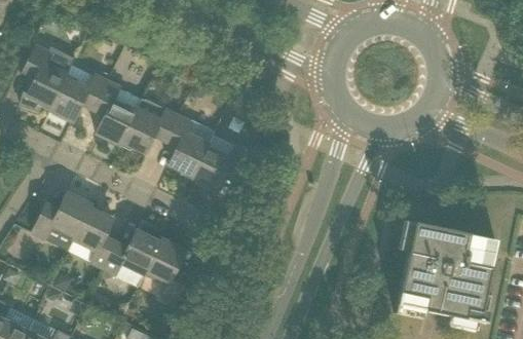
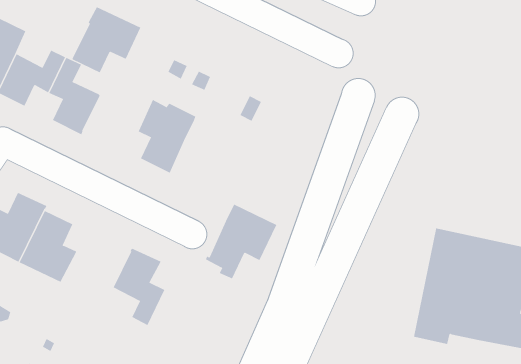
building: [120,96,178,151] -> [72,6,141,73]
building: [189,130,249,193] -> [205,204,277,279]
building: [102,219,162,284] -> none

